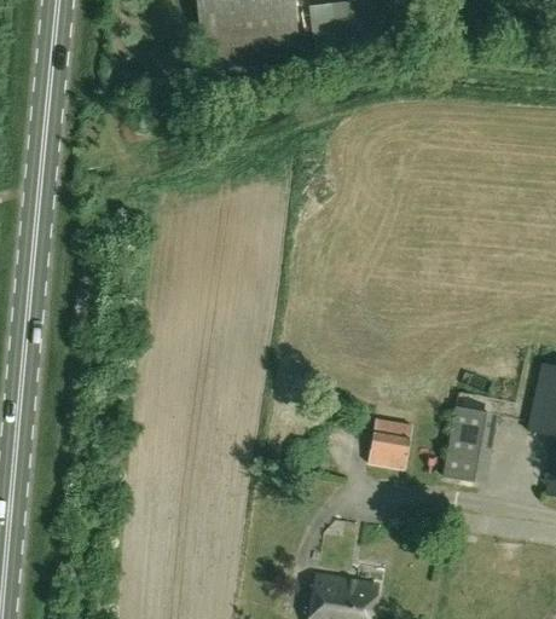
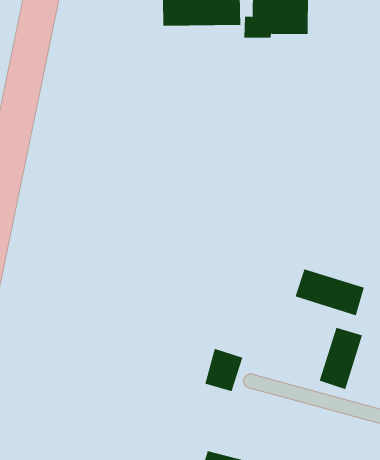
building: none -> [295,268,364,316]
building: [369,415,412,465] -> [204,348,243,392]

